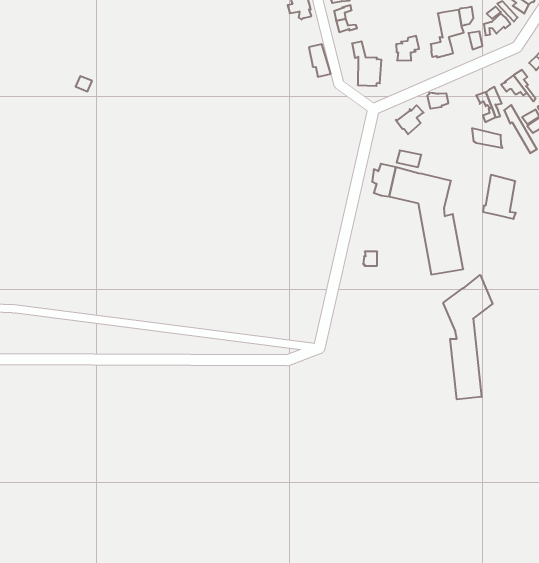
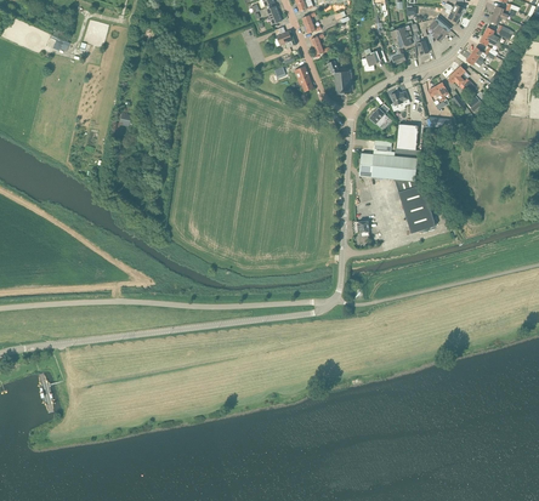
building: [483,175,516,219] -> [395,124,420,155]
building: [443,275,493,399] -> none

